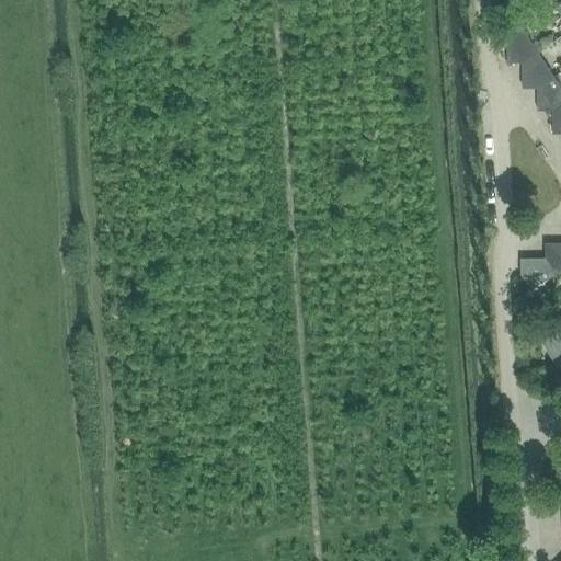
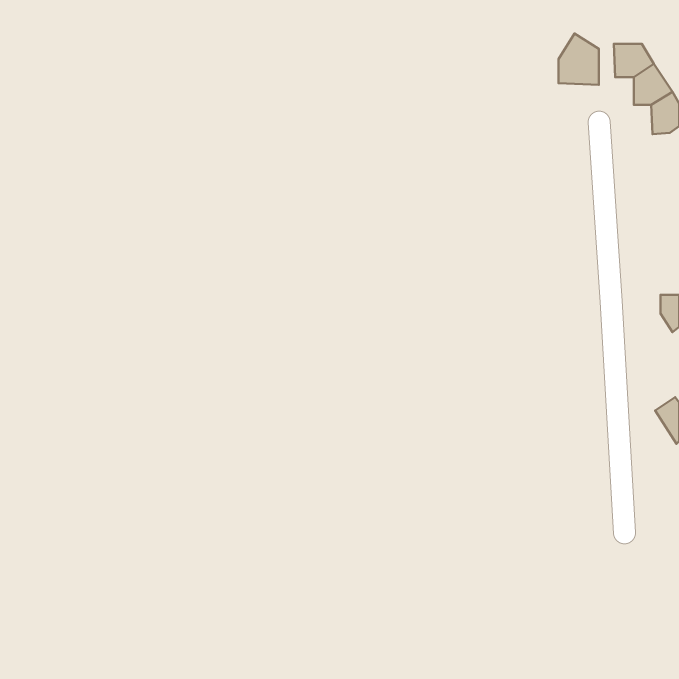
building: none -> [558,34,599,85]
building: [520,259,554,290] -> none

